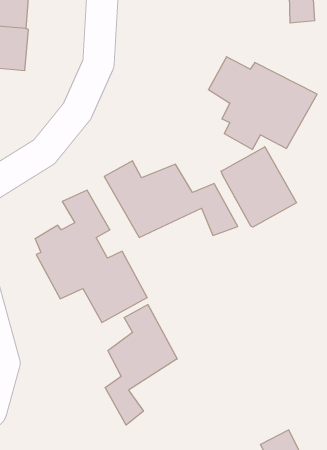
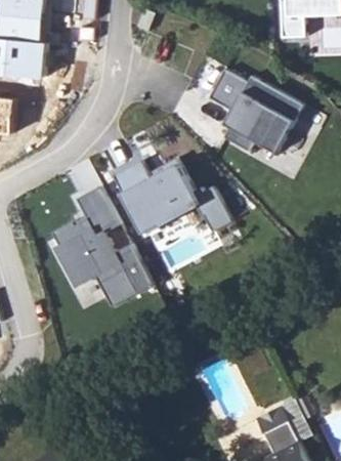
building: [221,147,297,227] -> none
building: [105,305,177,425] -> none

